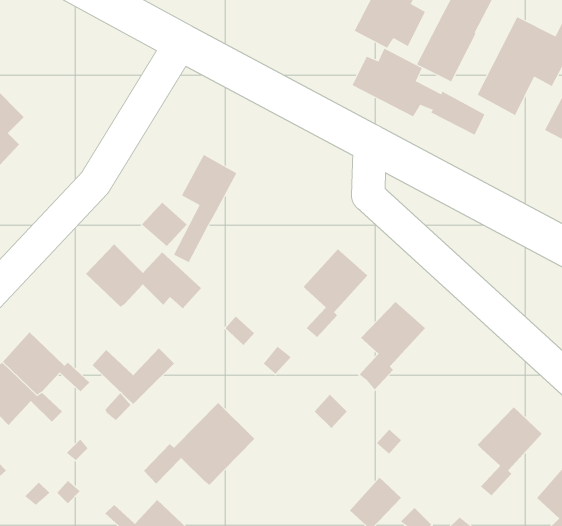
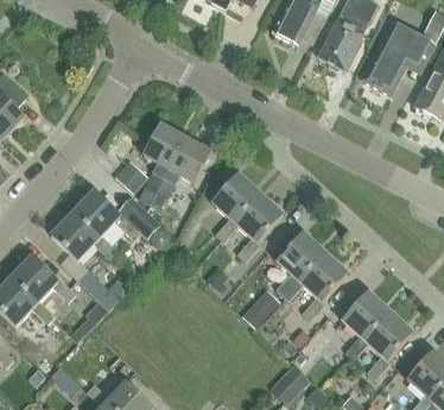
building: [352,48,485,135] -> none
building: none -> [169,138,211,183]
building: none -> [211,174,260,240]
building: none -> [51,213,118,260]
building: none -> [299,253,348,320]
building: none -> [342,291,391,358]
building: [143,402,255,486] -> none

